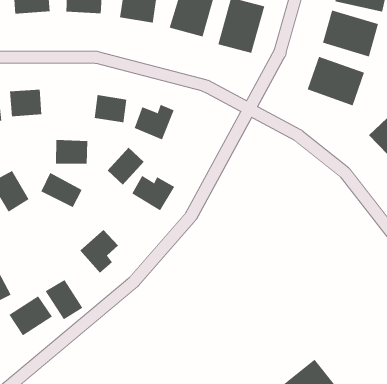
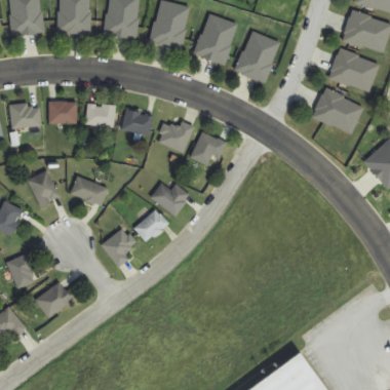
building: none -> [189,130,224,168]
building: [55,140,88,164] -> [84,103,115,126]
building: [107,147,145,186] -> [133,209,167,243]
building: [45,279,83,320] -> none

